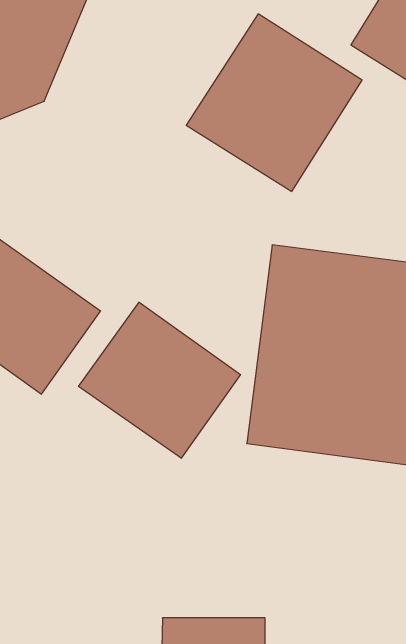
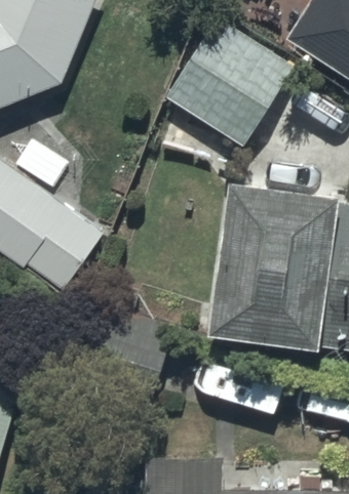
building: [79,302,240,458] -> none

